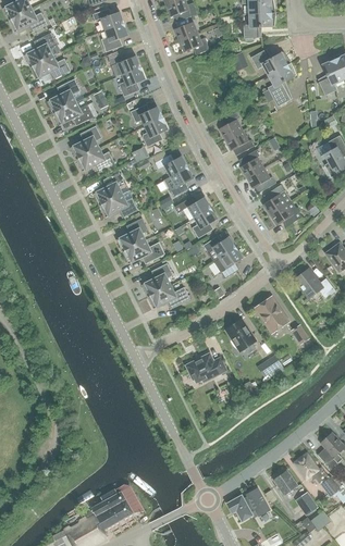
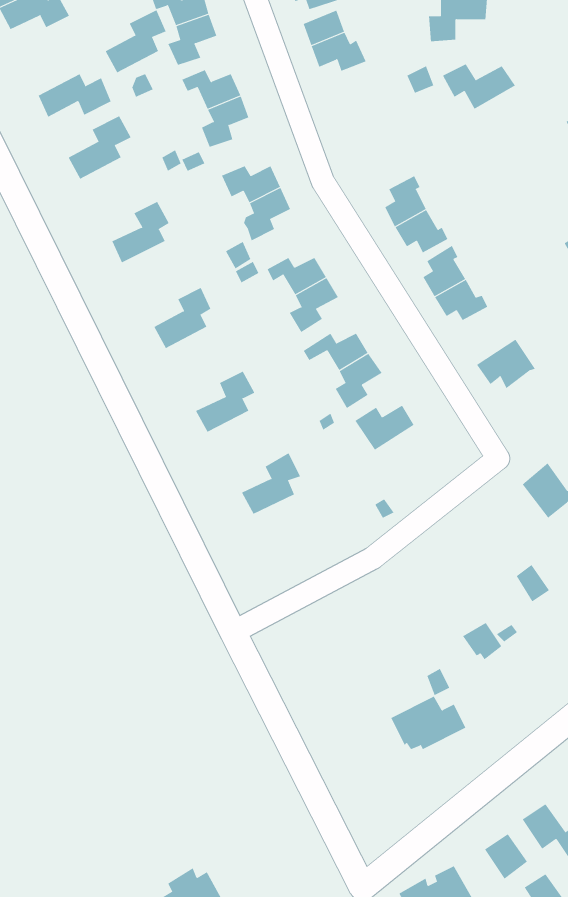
building: [23,33,57,67] -> [105,9,167,73]
building: [262,62,296,106] -> none
building: [52,101,94,125] -> none
building: [75,147,114,171] -> none
building: [262,185,291,214] -> none
building: [99,194,137,218] -> none
building: [122,239,164,263] -> none
building: [213,247,243,278] -> none
building: [147,285,189,309] -> none
building: [255,297,287,332] -> none
building: [225,319,255,353] -> none
building: [185,352,226,382] -> [390,696,466,750]

